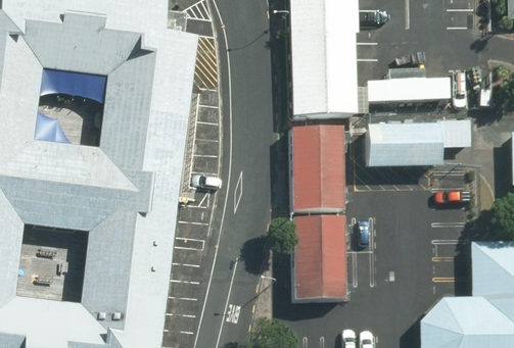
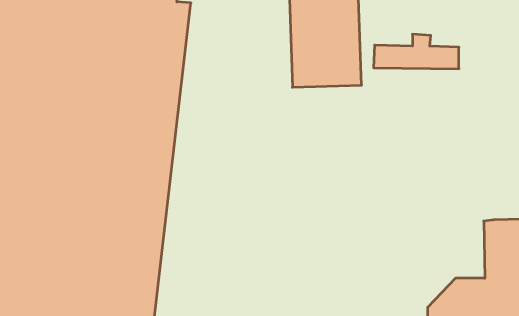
building: [370,118,471,165] -> none
building: [290,119,342,205] -> none
building: [292,211,344,297] -> none

